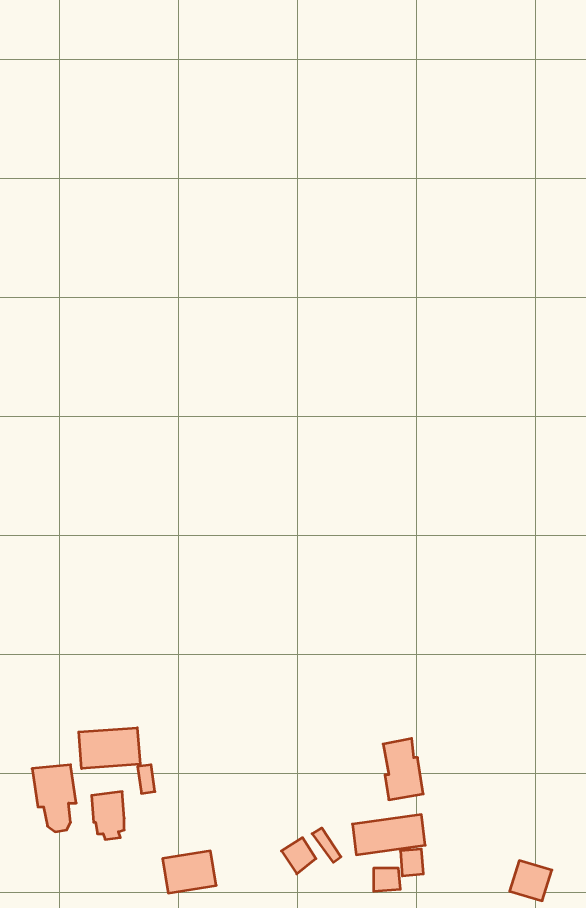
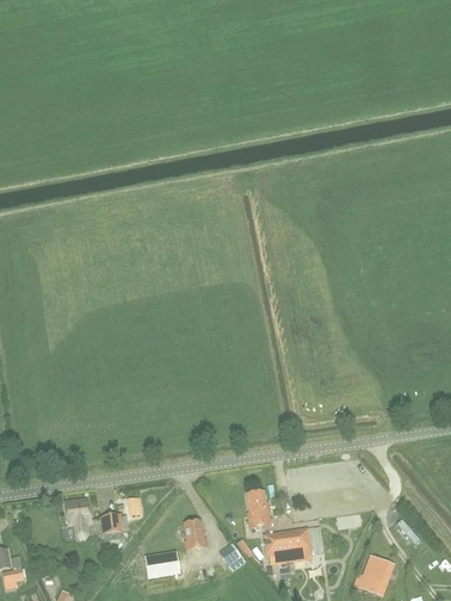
building: [79,728,140,769] -> none
building: [383,738,423,800] -> [246,489,271,527]
building: none -> [184,519,208,550]

